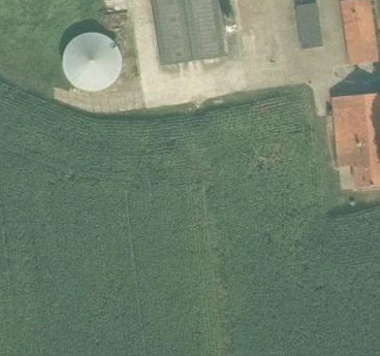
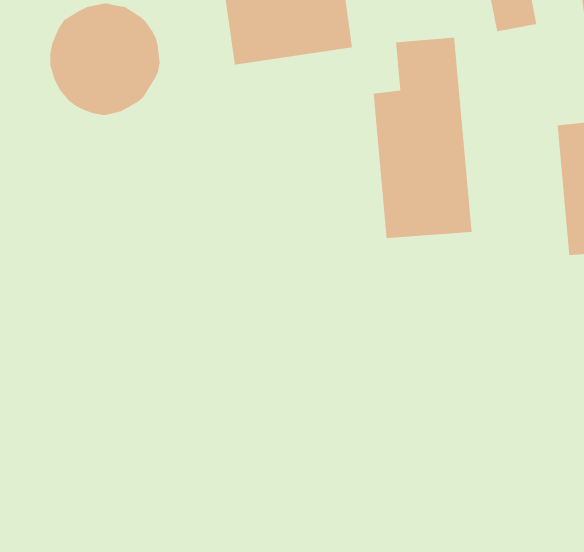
building: none -> [373,37,472,239]

